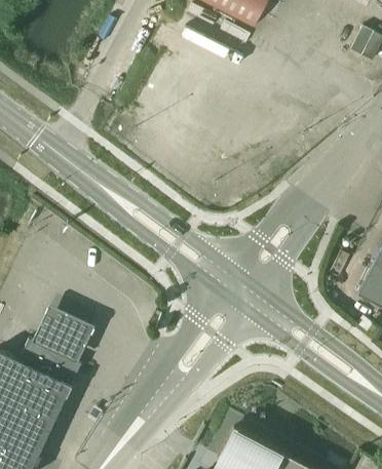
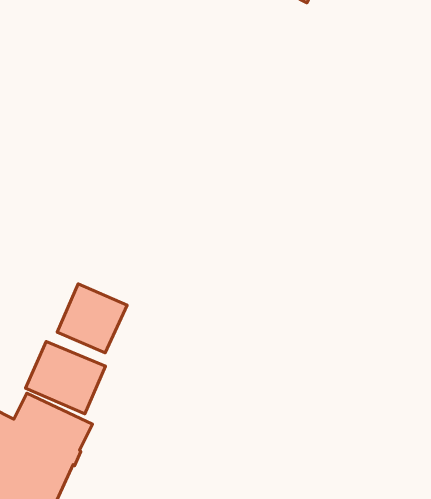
building: none -> [57,284,127,353]

